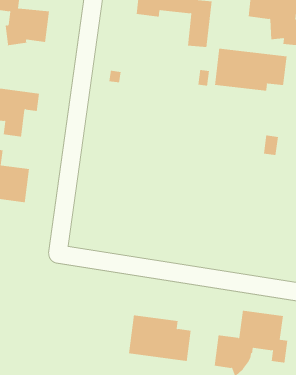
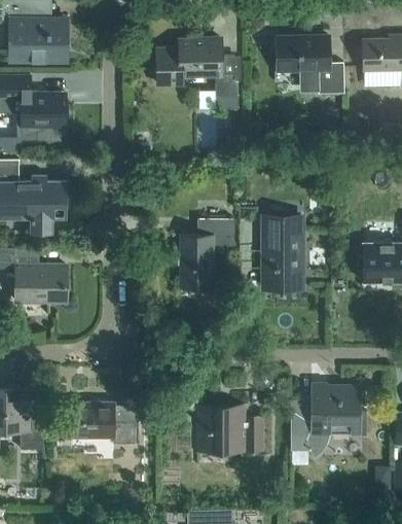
building: [214,48,287,91] -> none
building: none -> [180,219,234,288]
building: none -> [262,219,303,287]
building: none -> [71,404,136,445]

